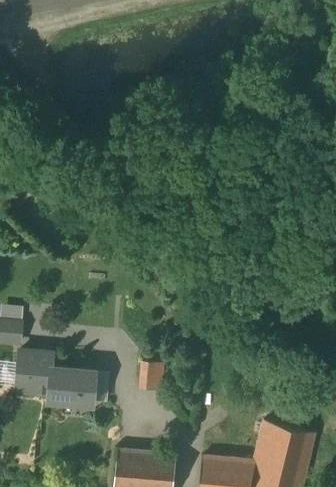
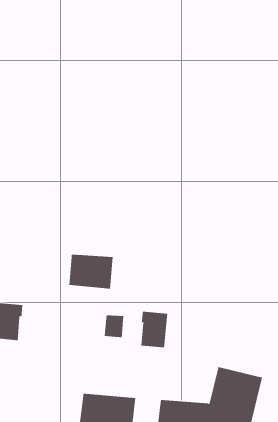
building: none -> [141,311,168,348]
building: [47,367,96,406] -> [68,253,113,289]

